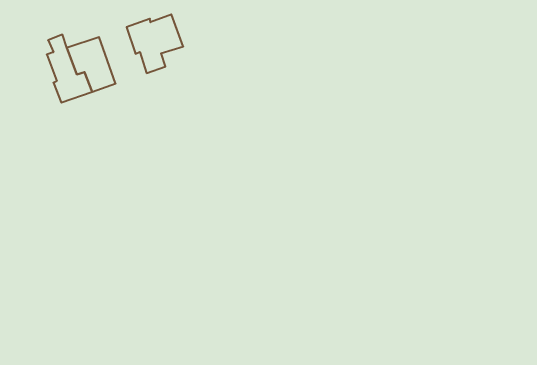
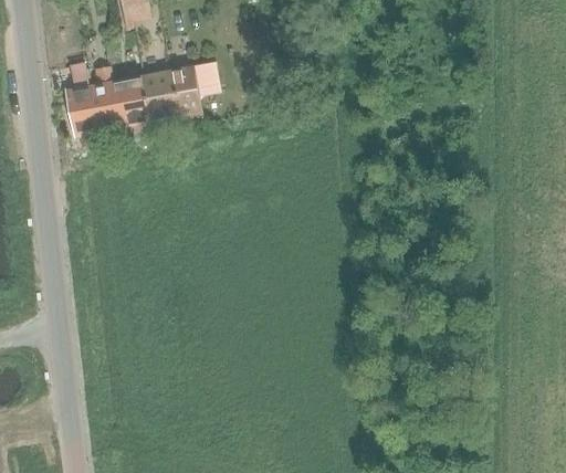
building: none -> [142,69,181,120]
building: none -> [65,61,96,135]

